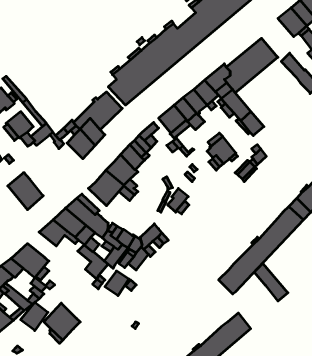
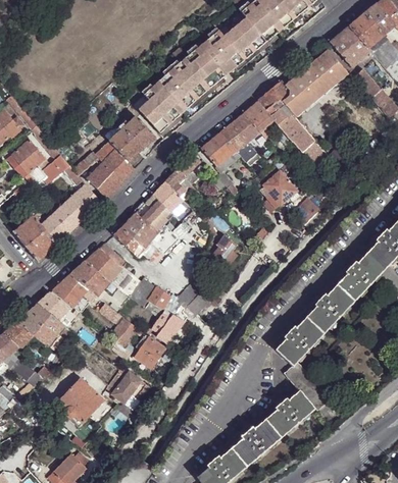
building: none -> [329,25,369,67]
building: none -> [34,184,101,245]
building: none -> [38,292,73,325]
building: [254,264,288,301] -> [285,363,327,409]
building: none -> [110,371,149,404]
building: [21,302,48,331] -> none

